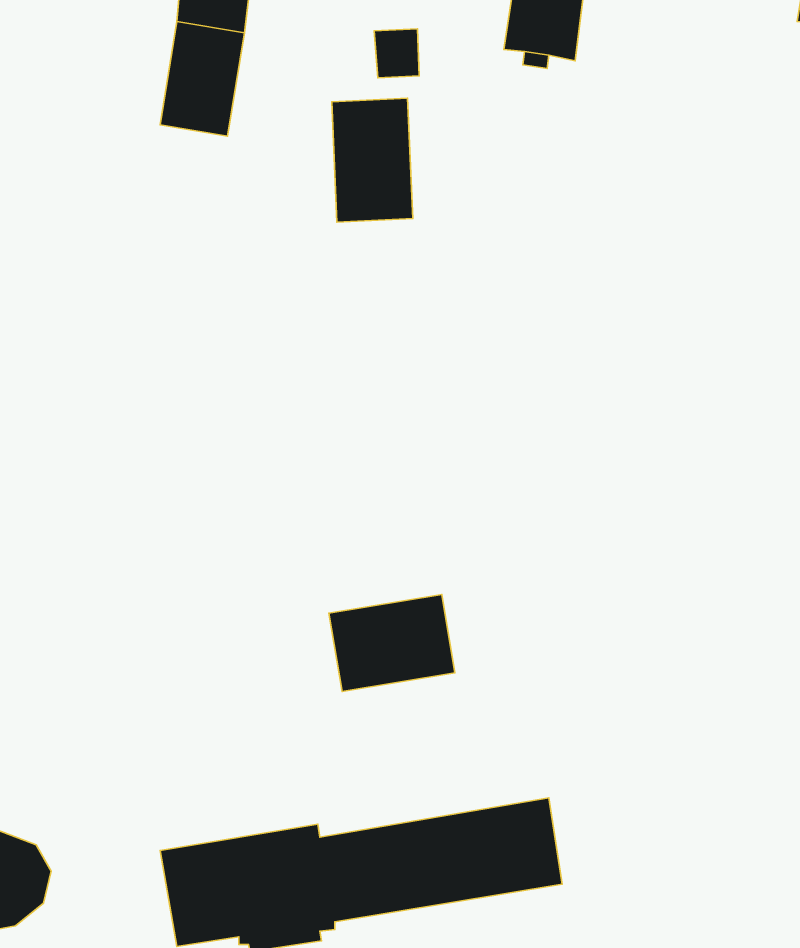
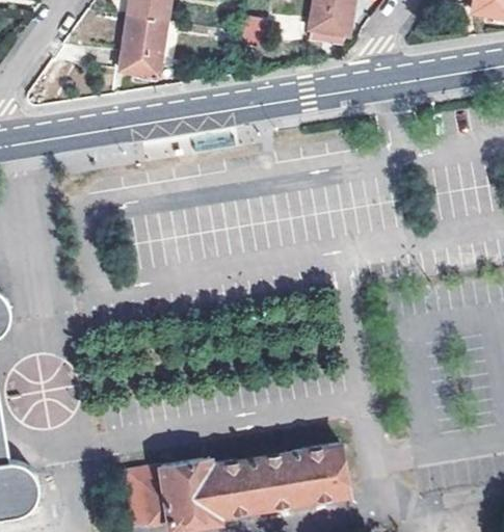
building: [332,98,413,222] -> none
building: [329,594,455,692] -> none

